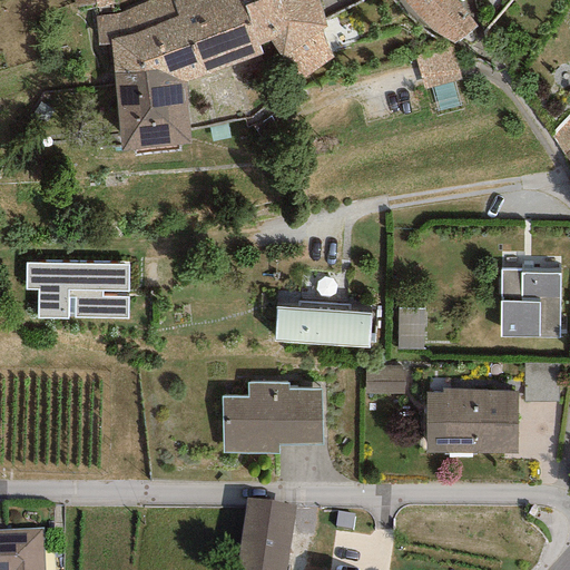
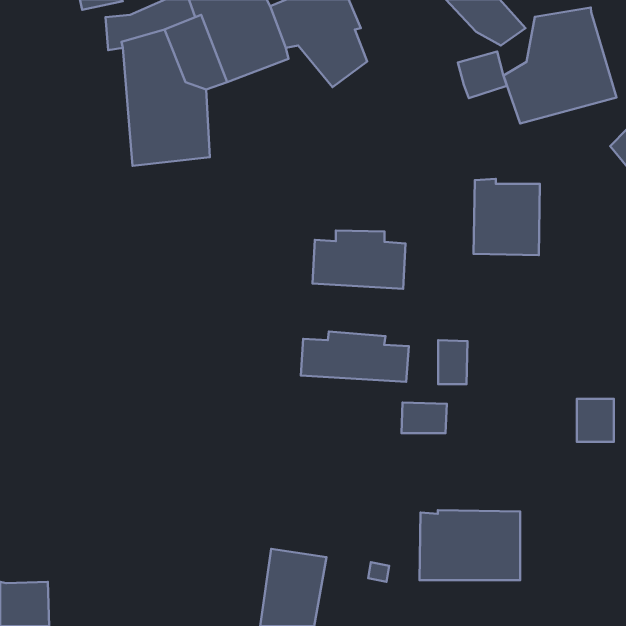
building: none -> [503,7,616,123]
building: none -> [313,231,405,289]
building: [27,263,129,318] -> none
building: [501,268,561,337] -> [474,179,540,255]
building: [223,383,323,453] -> none
building: [426,389,518,452] -> [419,510,520,580]

